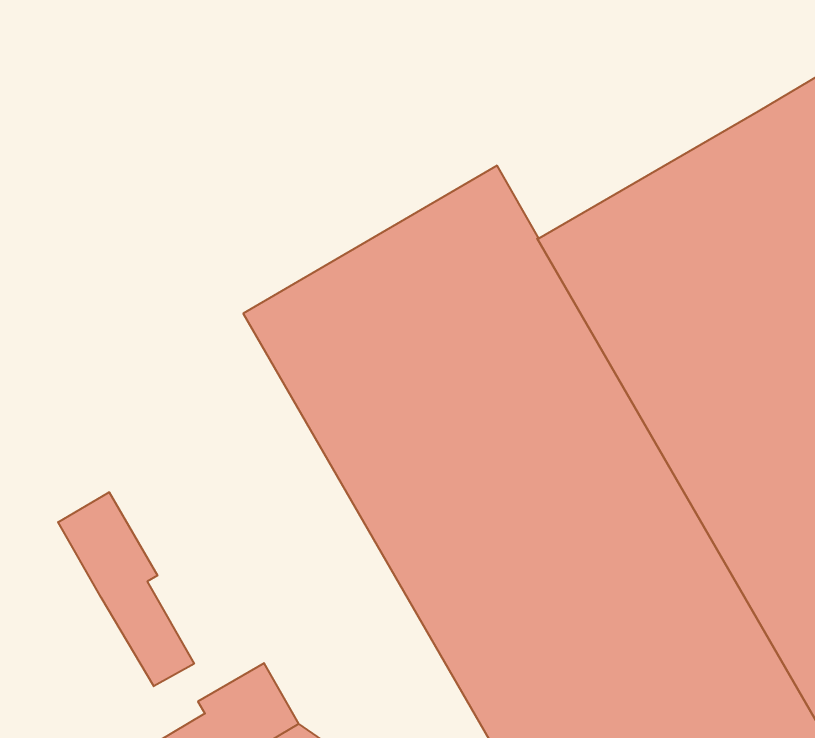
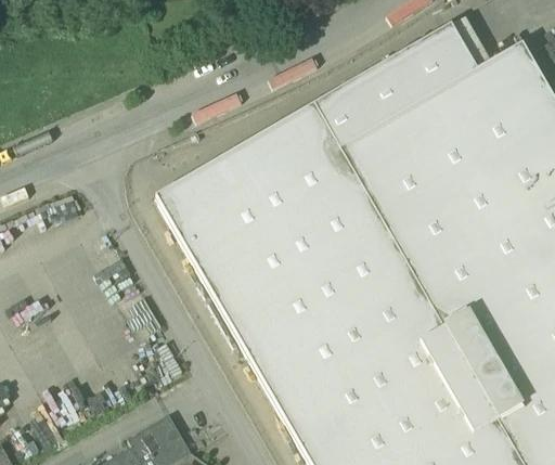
building: none -> [313,26,476,151]
building: [58,492,194,686] -> none

